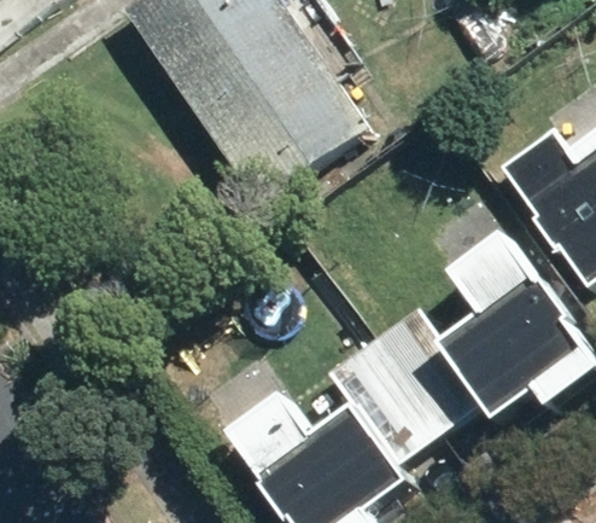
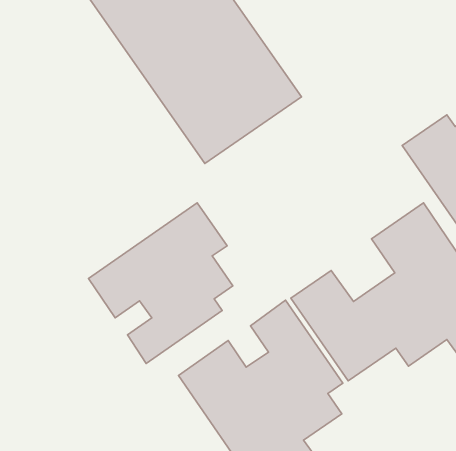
building: none -> [88,203,233,363]

